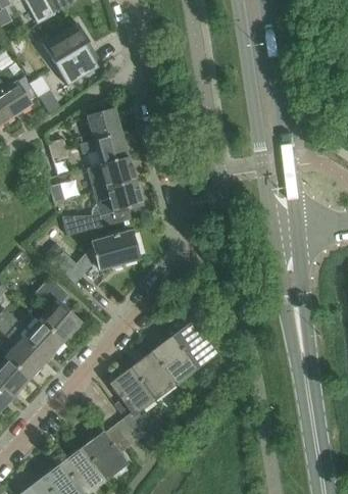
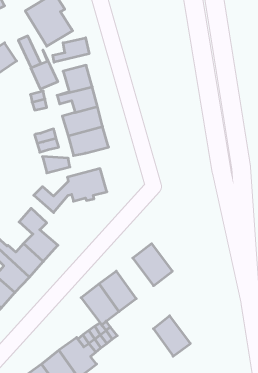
building: none -> [53,38,89,62]
building: none -> [31,50,58,89]
building: [151,337,195,385] -> [153,316,190,356]

